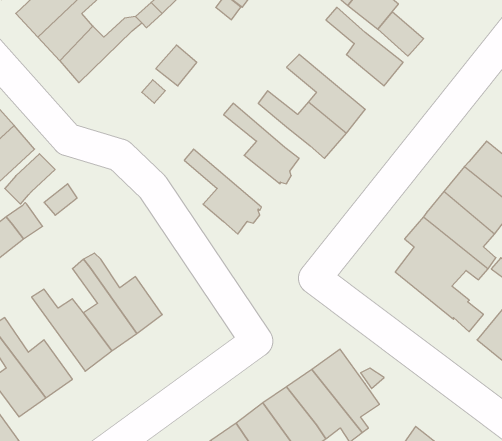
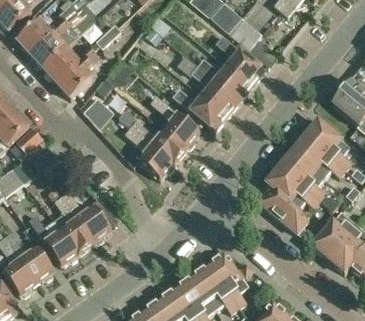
building: none -> [58,50,99,96]
building: none -> [198,58,252,100]
building: none -> [83,97,113,129]
building: none -> [119,108,186,162]

